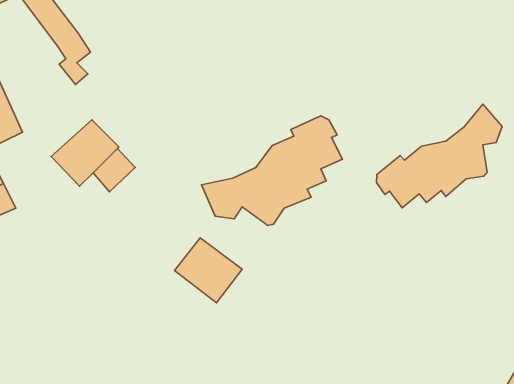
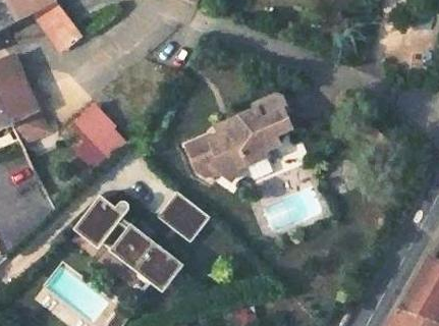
building: [376,104,502,208] -> none
building: none -> [66,191,177,290]

